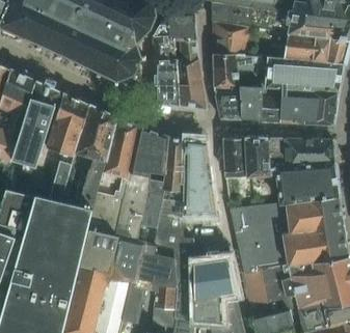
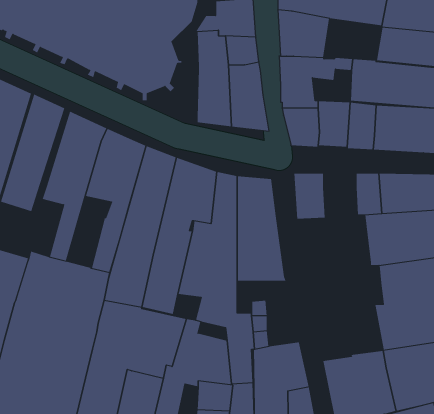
building: [225,138,275,179] -> none
building: [230,202,288,273] -> none

